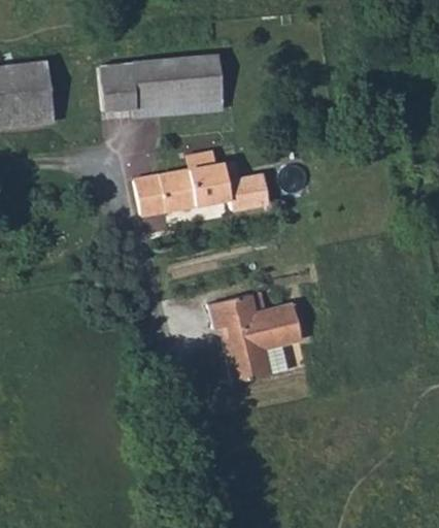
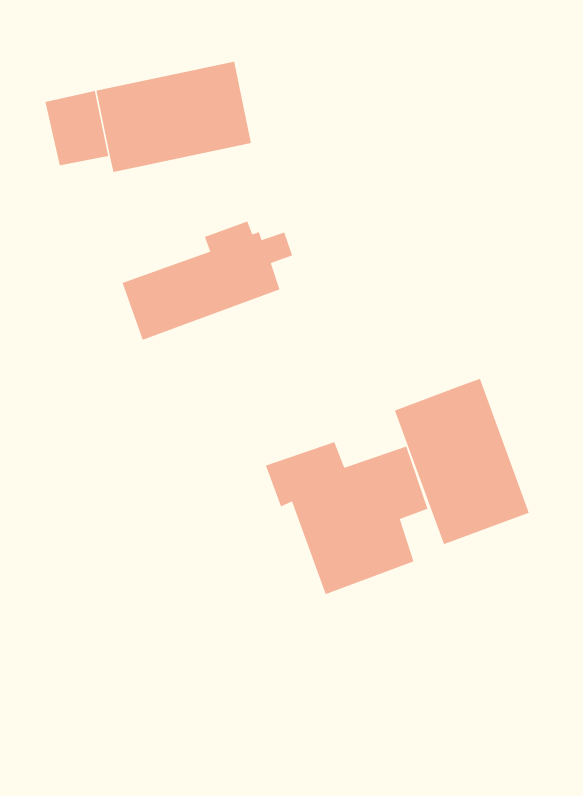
building: [227,172,270,214] -> none
building: none -> [394,378,530,545]

